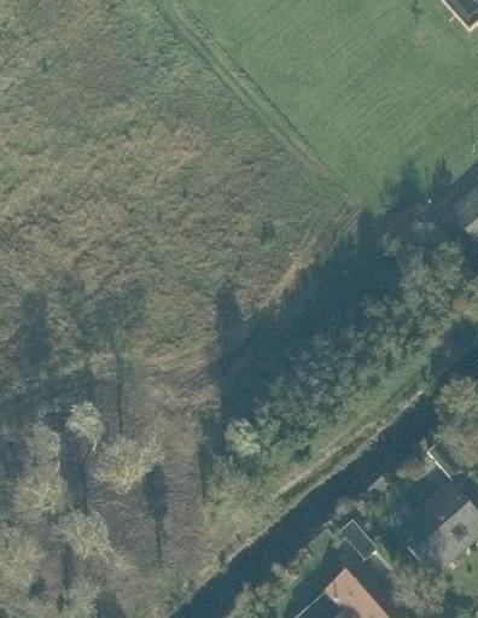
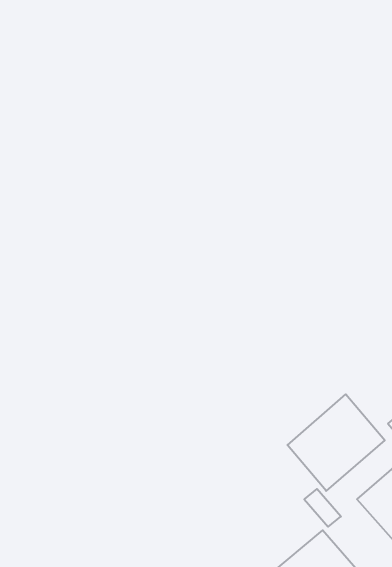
building: none -> [287,394,385,491]

